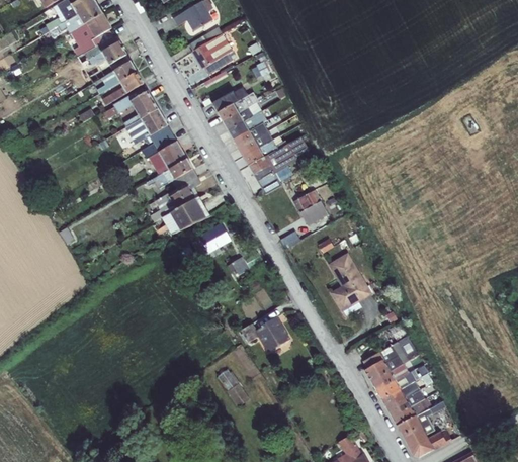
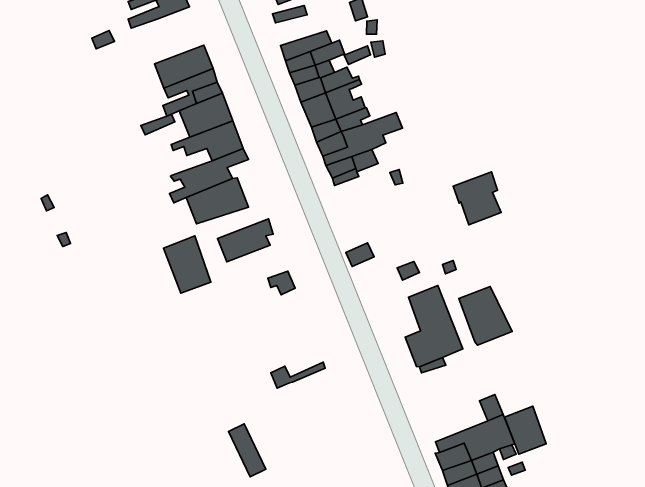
building: [103,91,158,127] -> none
building: [291,186,328,225] -> [453,172,501,225]
building: none -> [163,236,211,293]
building: none -> [459,286,512,345]
building: [256,321,287,351] -> none
building: none -> [504,406,546,454]

